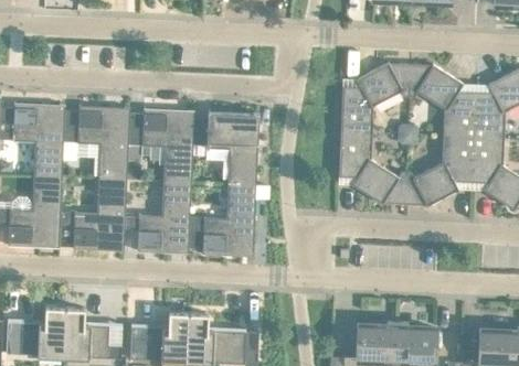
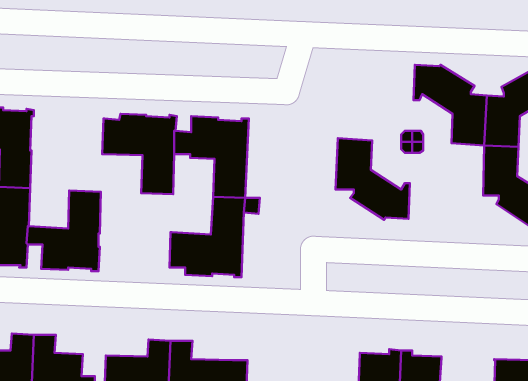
building: [339,63,409,133] -> none
building: [61,106,128,180] -> none
building: [403,136,472,206] -> none
building: [123,181,190,254] -> none

